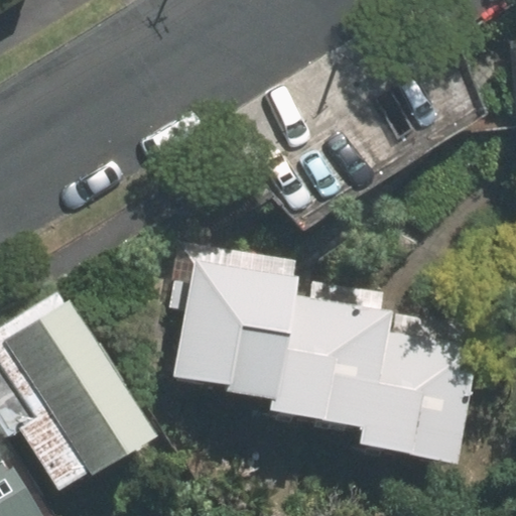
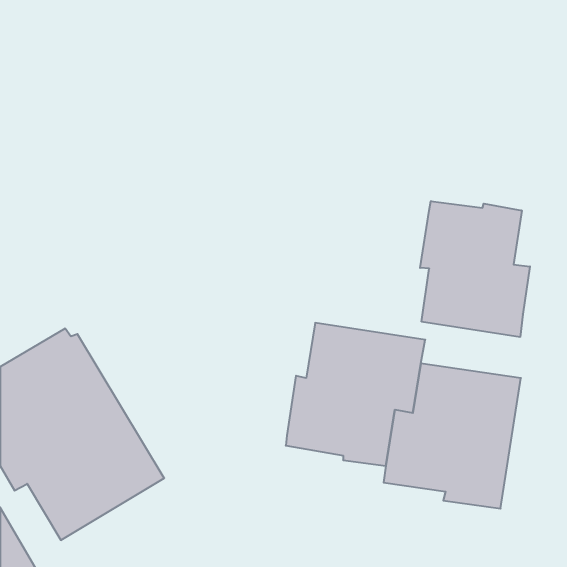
building: none -> [420,201,530,337]
building: [176,259,291,397] -> none

